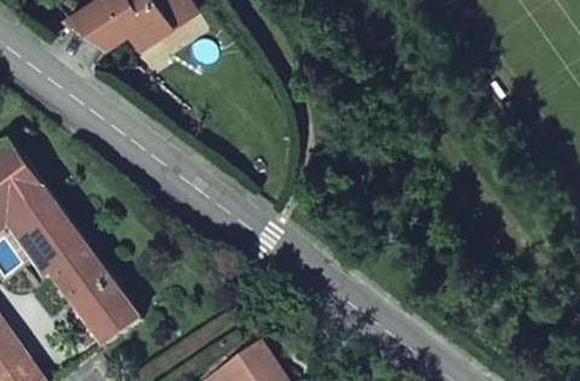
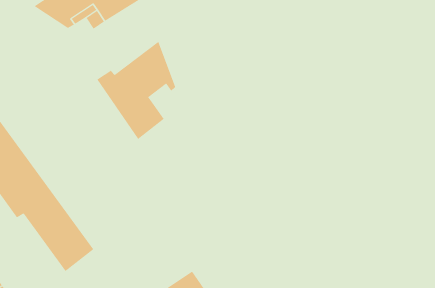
building: none -> [96,41,176,140]

